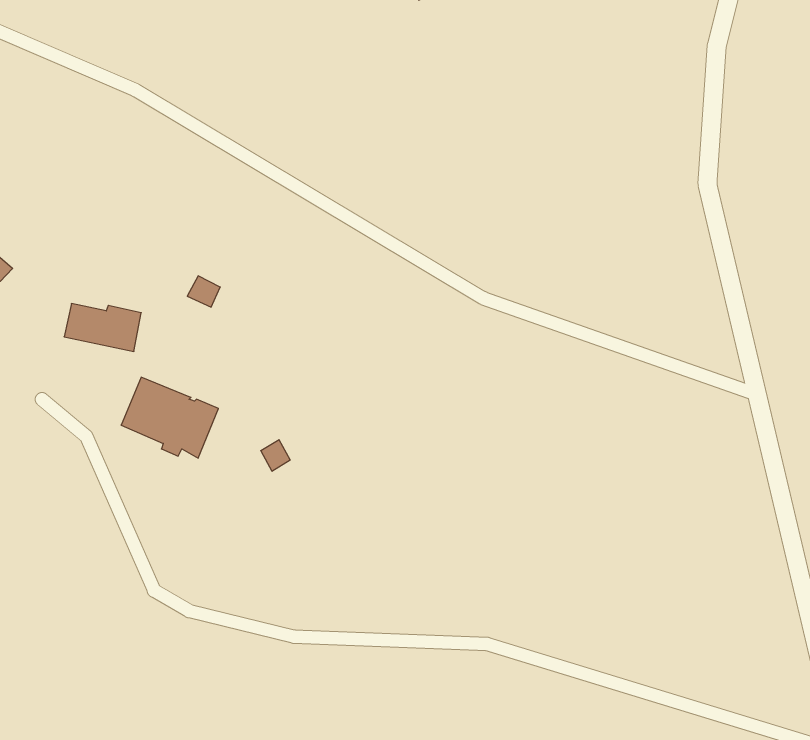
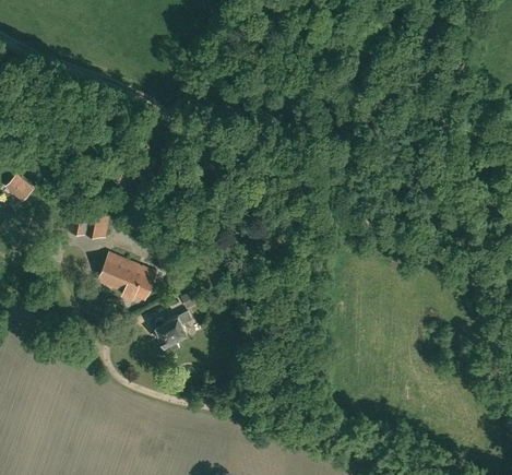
building: none -> [154,311,191,345]

